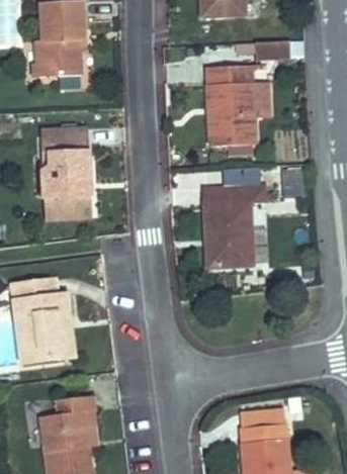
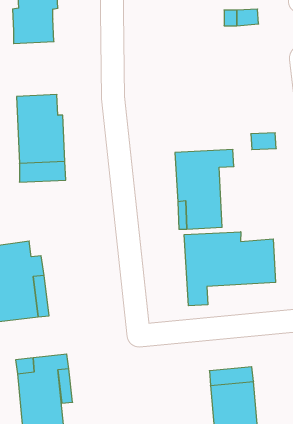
building: [207,66,270,147] -> none
building: none -> [184,232,276,306]

